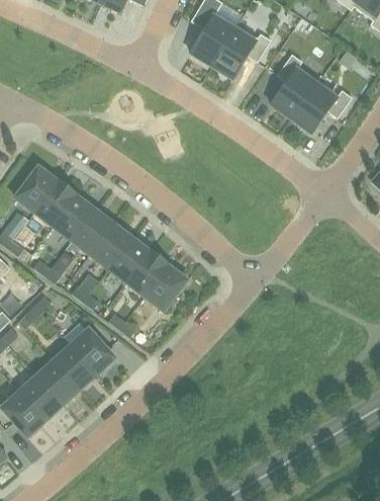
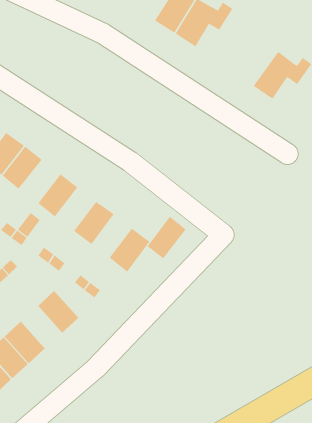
building: [270,53,316,118] -> none
building: [52,194,94,239] -> none
building: [89,223,130,267] -> none
building: [126,250,167,295] -> [147,216,186,259]
building: [54,344,96,388] -> none

